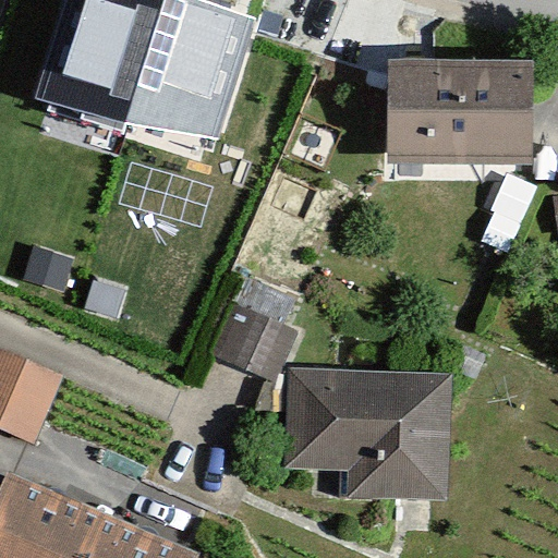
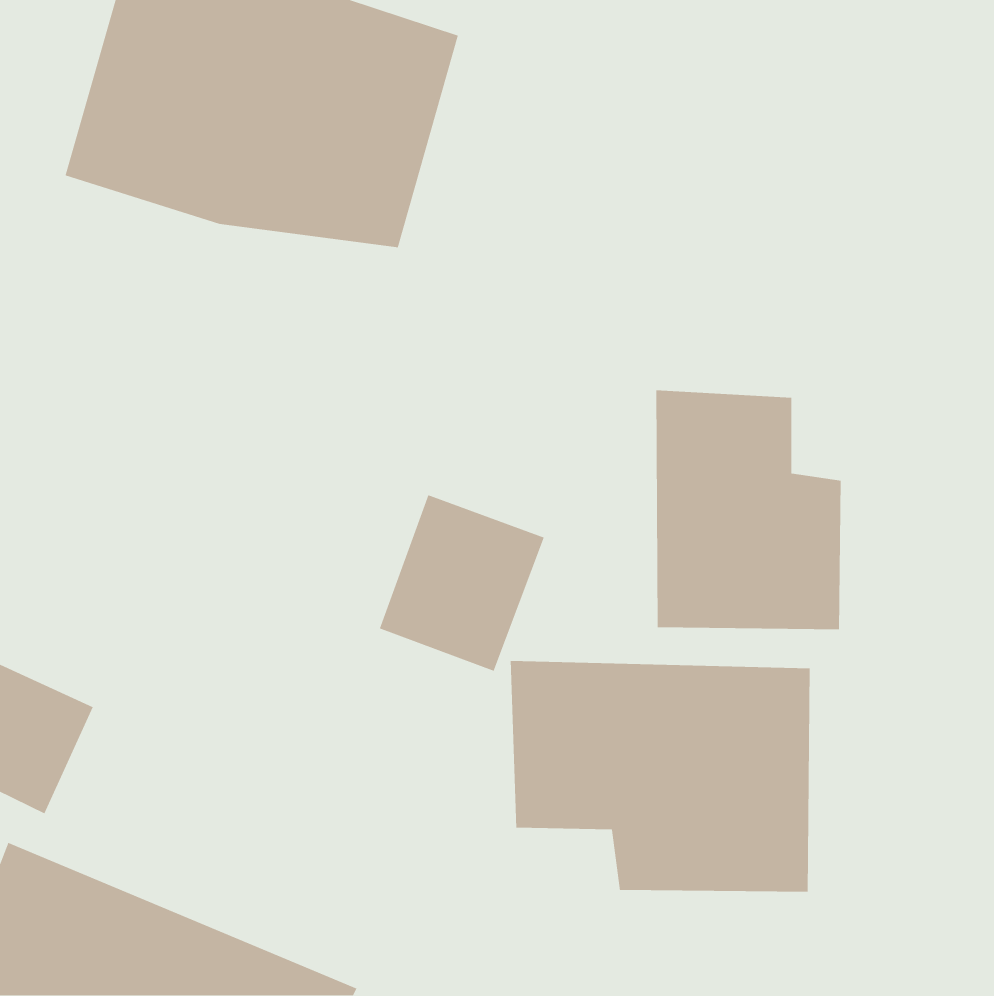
building: [387,61,531,170] -> none
building: none -> [655,390,841,630]

